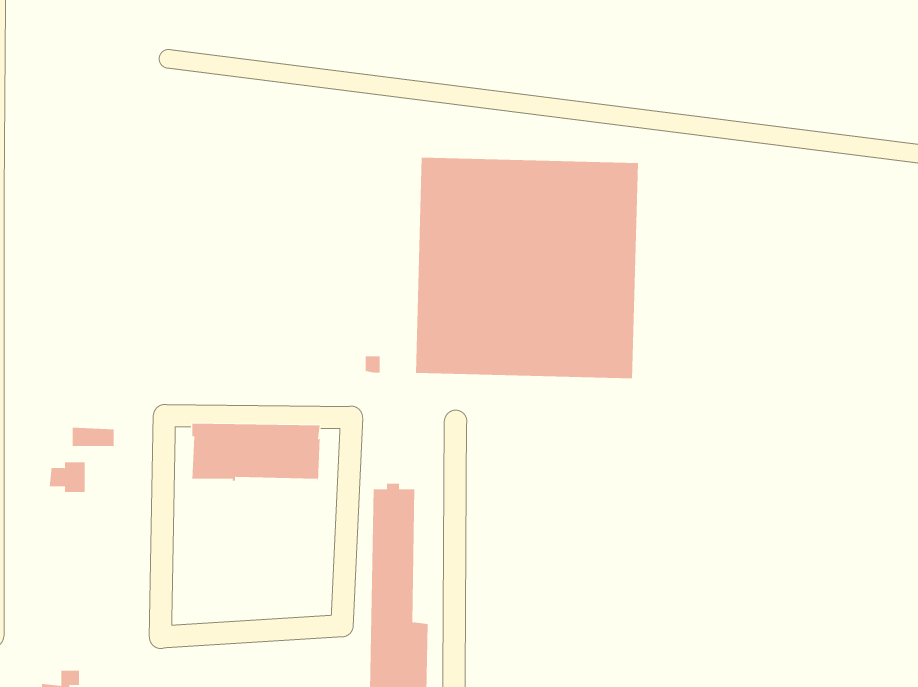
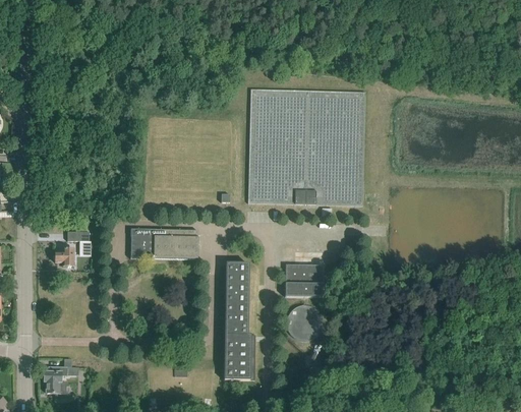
building: none -> [285,263,325,297]
building: none -> [287,305,324,341]

